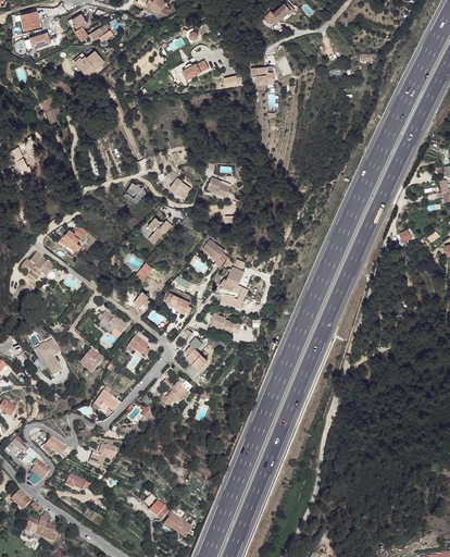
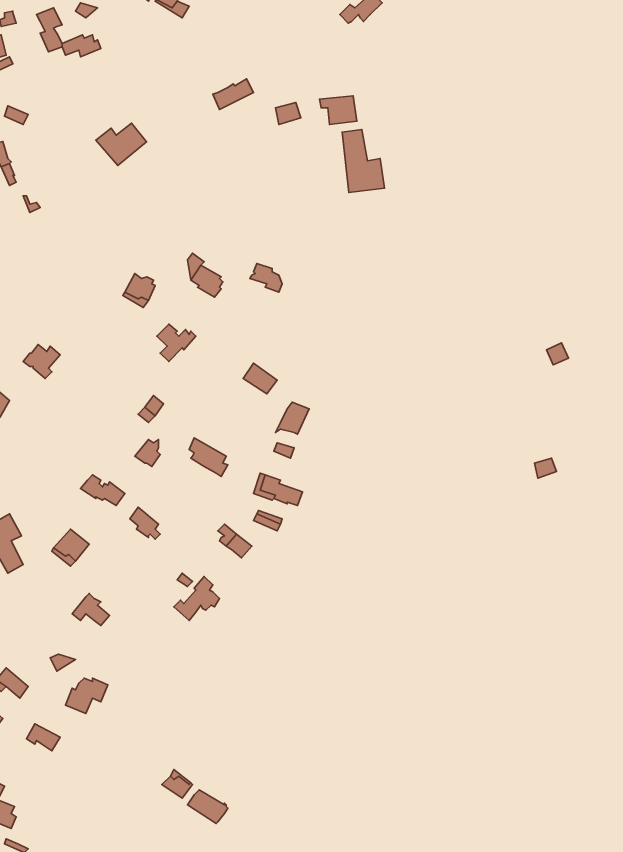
building: [72,49,104,76] -> [96,123,147,165]
building: none -> [342,130,384,192]

